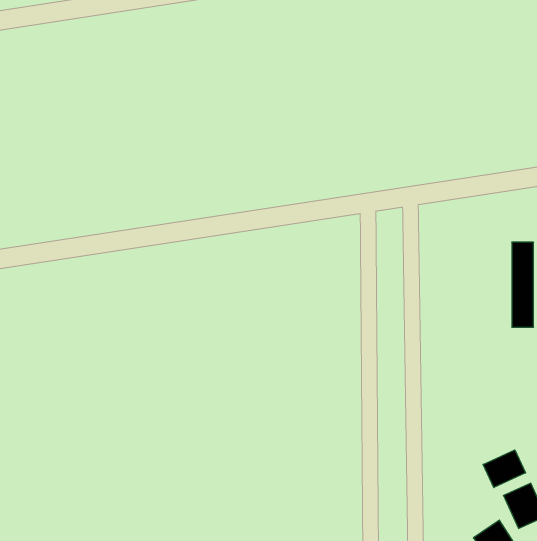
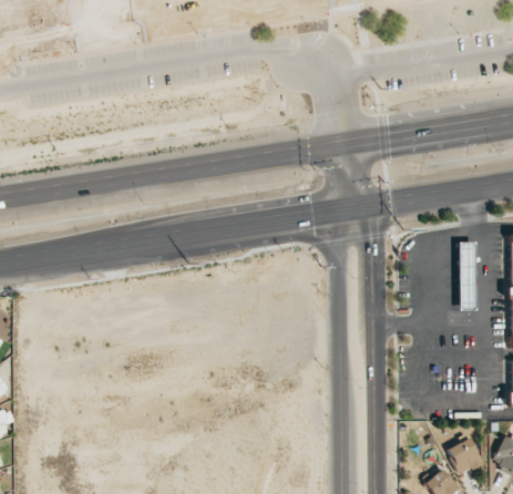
building: [483,450,526,488] -> none

